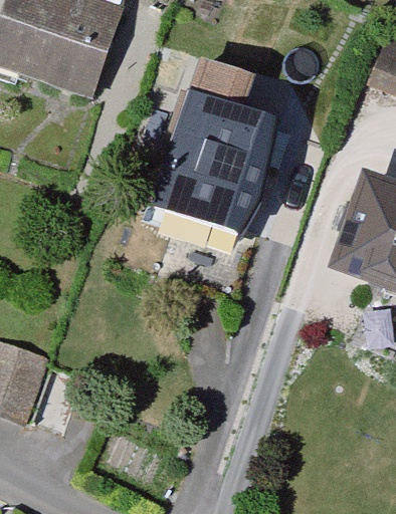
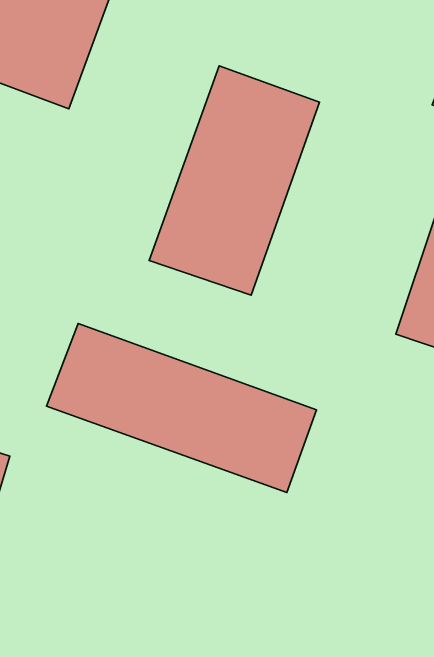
building: none -> [46,324,316,492]

